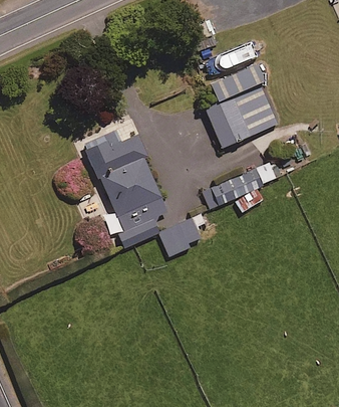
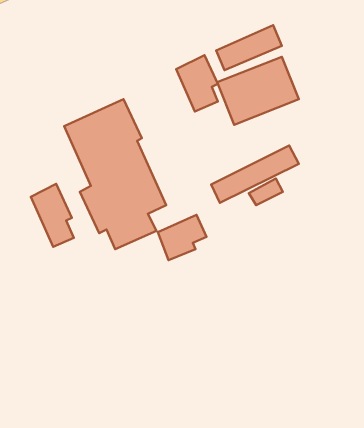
building: none -> [176,55,218,111]
building: none -> [31,184,74,247]

